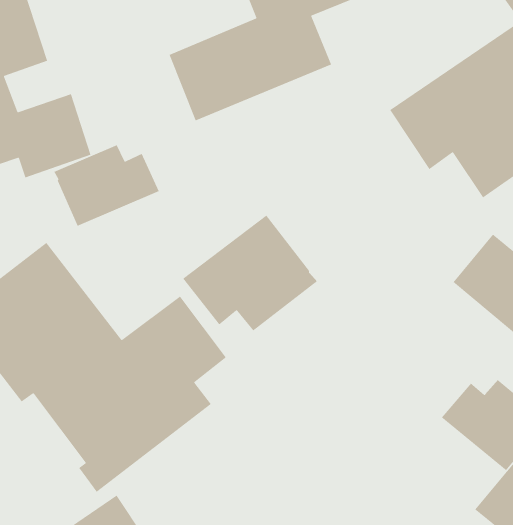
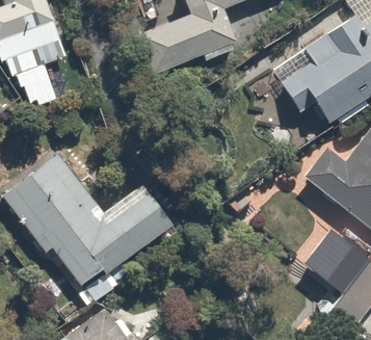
building: [53,144,160,227] -> none
building: [182,215,318,331] -> none

